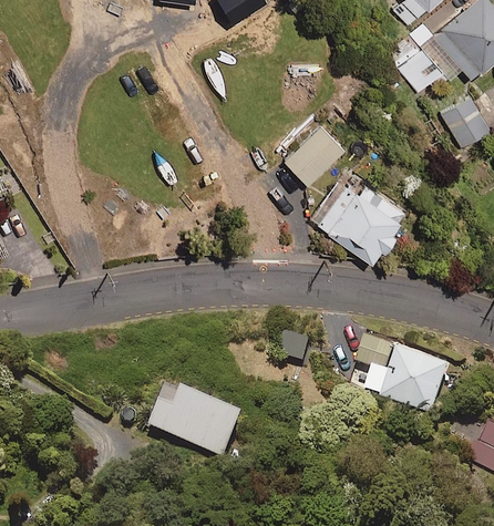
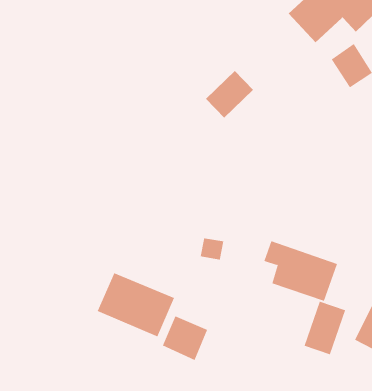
building: [316,186,403,262] -> none
building: none -> [304,301,346,355]
building: none -> [162,316,208,361]

